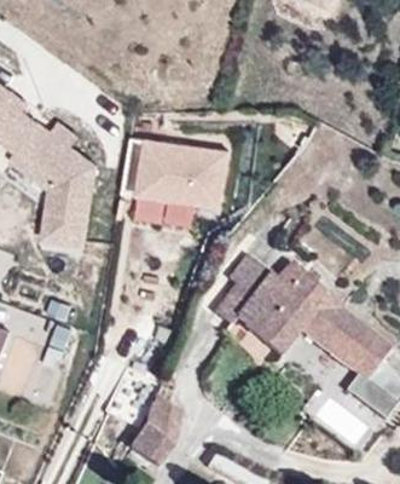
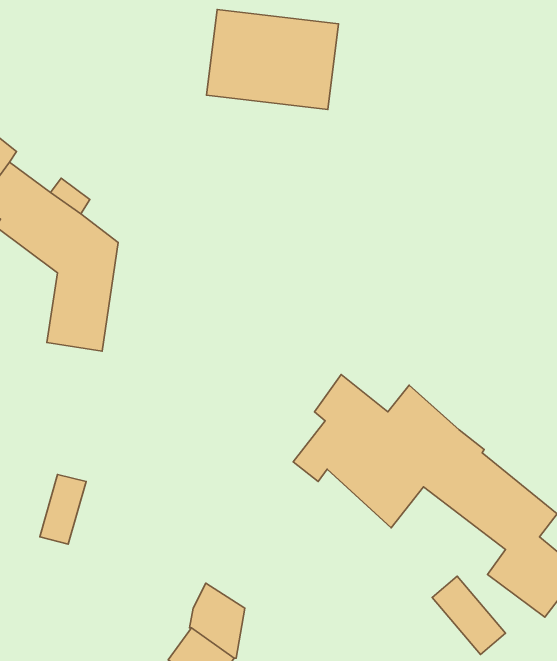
building: [135,143,225,211] -> [207,10,339,109]

